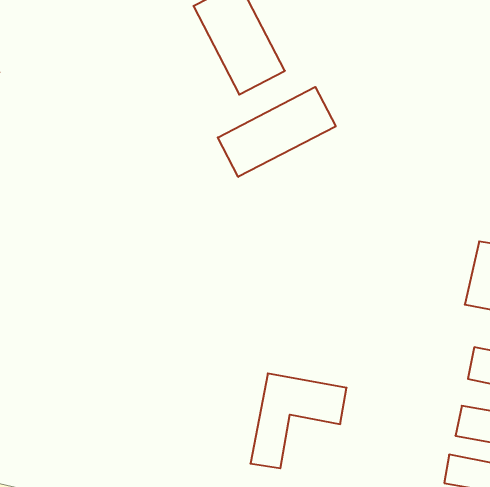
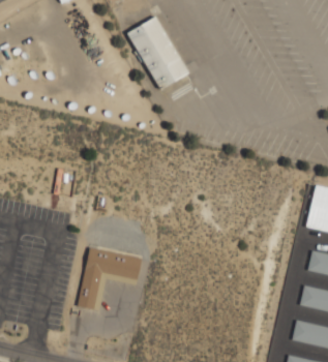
building: [218,87,336,177] -> none
building: [250,373,347,468] -> [78,247,141,309]

